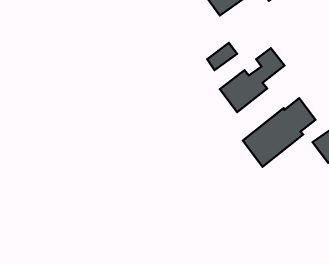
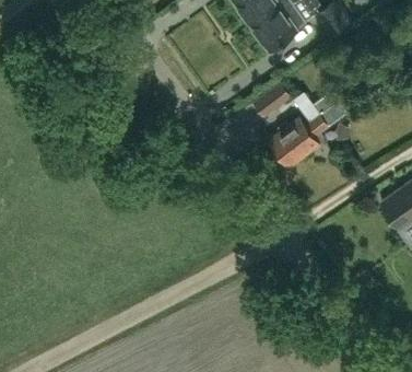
building: [243,98,315,167] -> none

